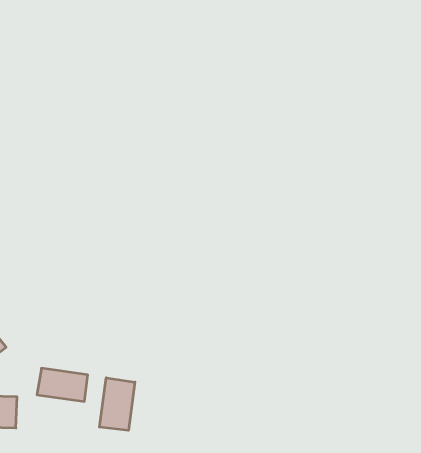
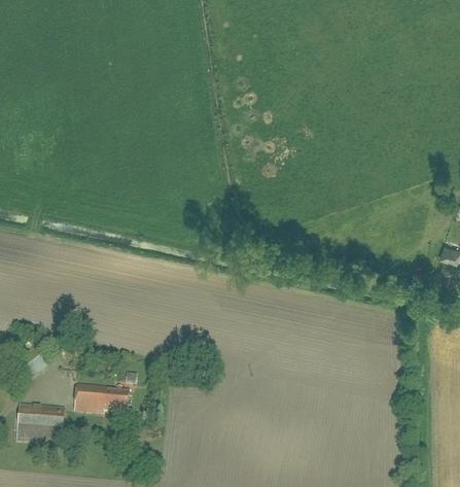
building: [99,378,135,430] -> none

